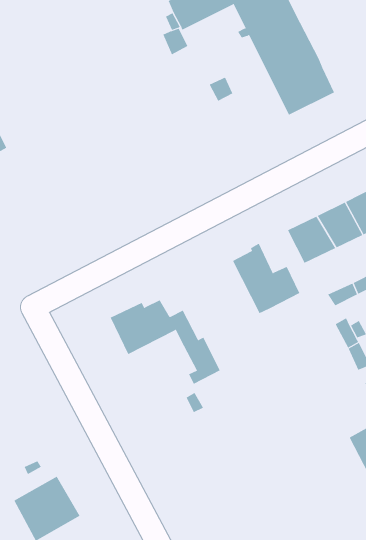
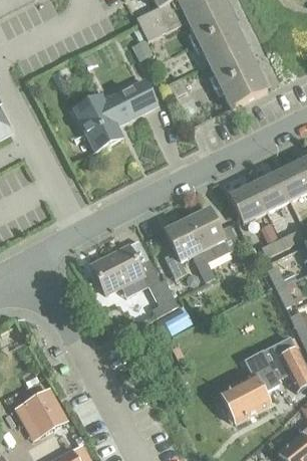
building: none -> [74,79,157,151]
building: none -> [164,220,215,281]
building: none -> [220,351,279,422]

